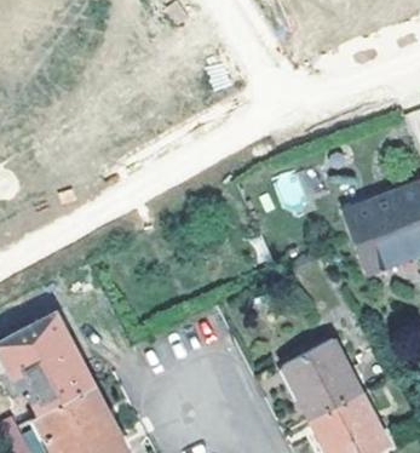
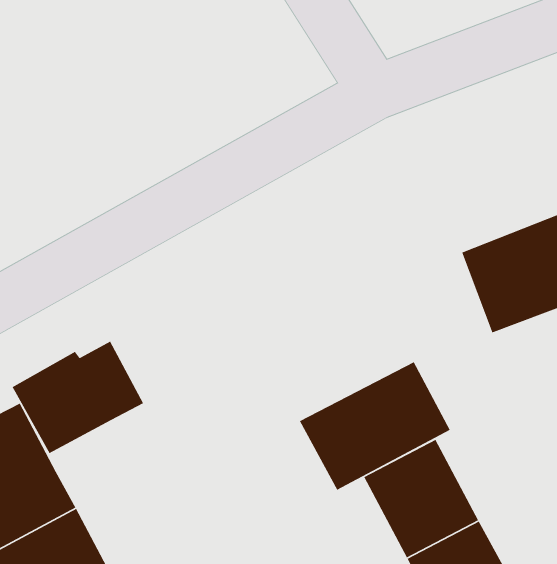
building: none -> [11,341,144,454]
building: none -> [299,361,451,491]

